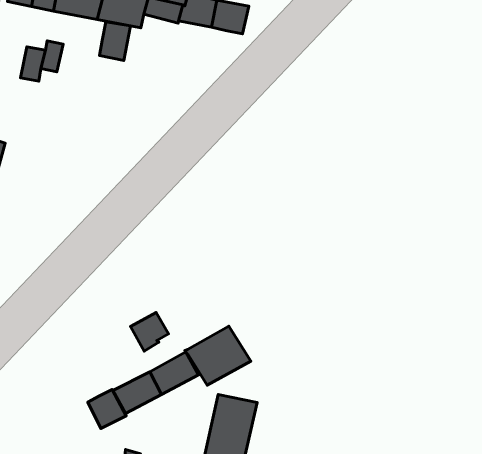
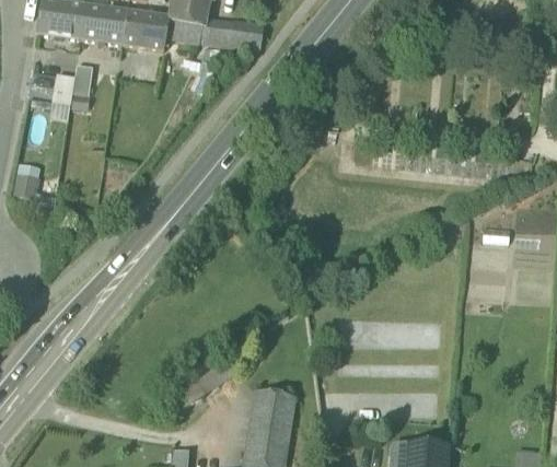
building: [100,22,130,61] -> none
building: [130,313,168,351] -> none
building: [185,326,251,385] -> none
building: [88,390,126,429] -> none

